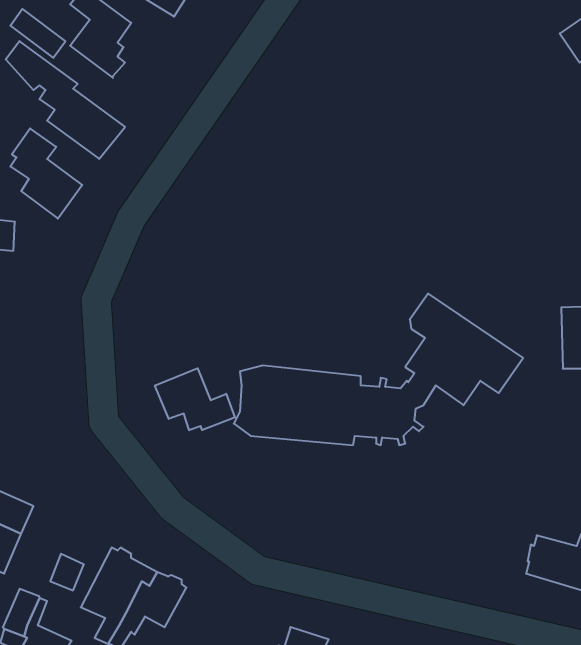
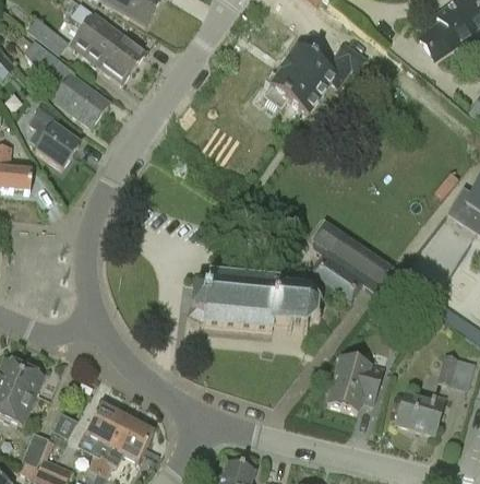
building: none -> [101,28,145,83]
building: none -> [263,42,365,111]
building: [155,368,235,430] -> none
building: none -> [328,356,382,411]

